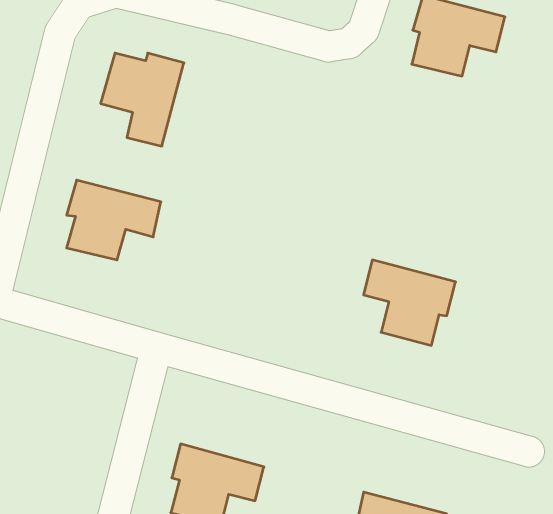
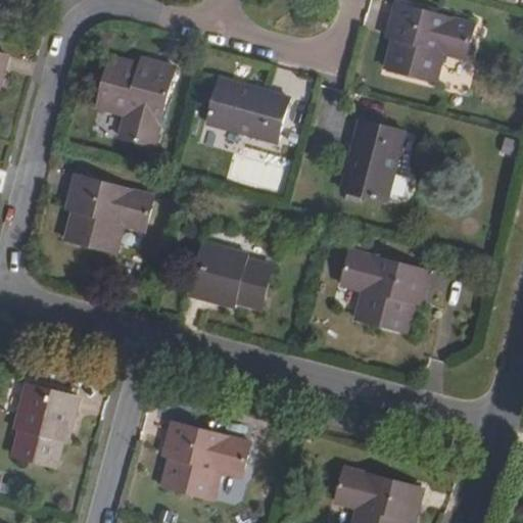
building: none -> [208,79,287,142]
building: none -> [341,122,403,201]
building: none -> [188,243,271,307]
building: none -> [11,384,76,465]

